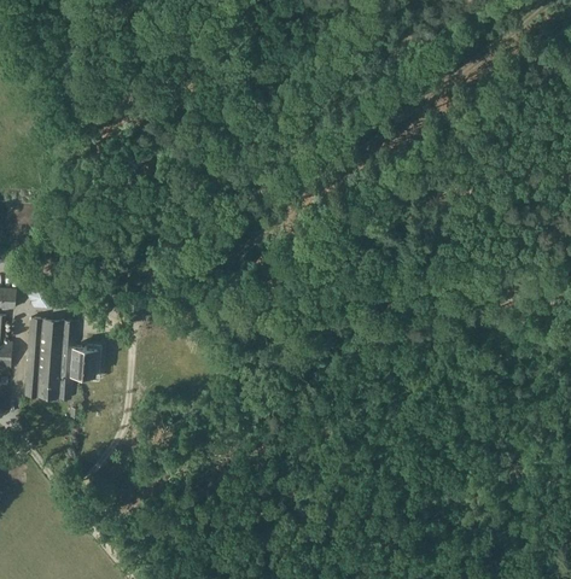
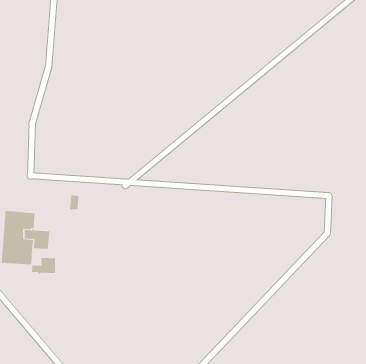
building: none -> [31,257,56,275]

